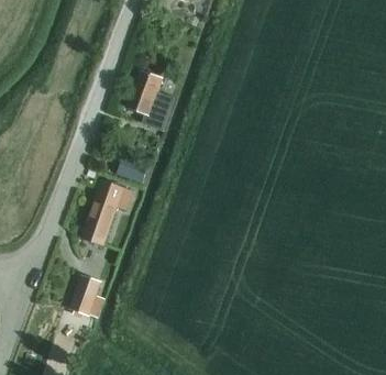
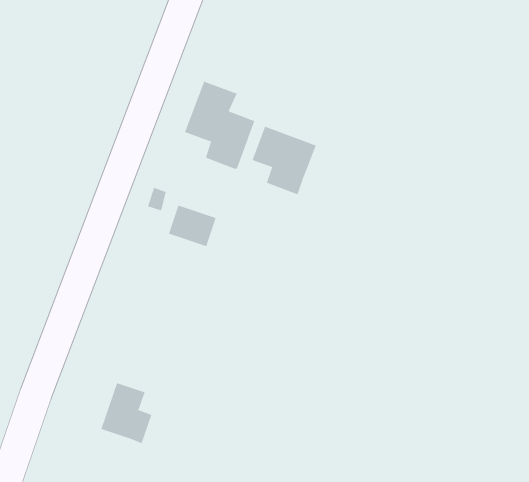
building: none -> [252,126,316,195]
building: [81,181,133,245] -> none

